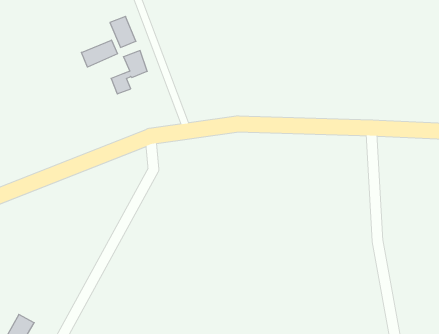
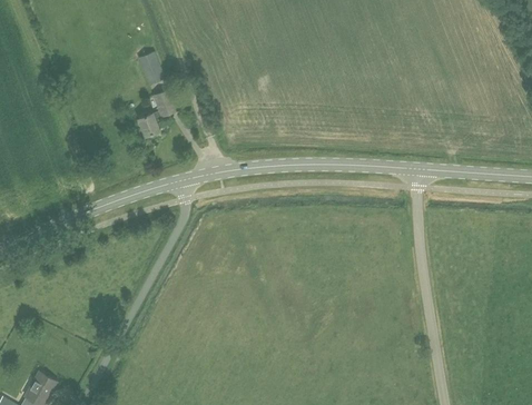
building: [81,40,118,67] -> none

